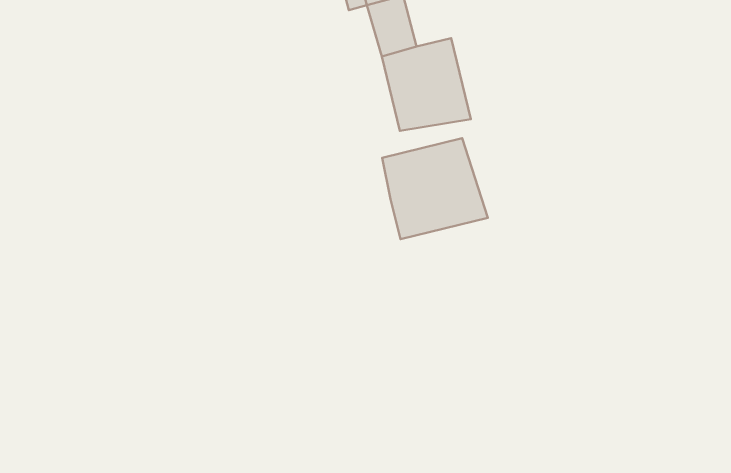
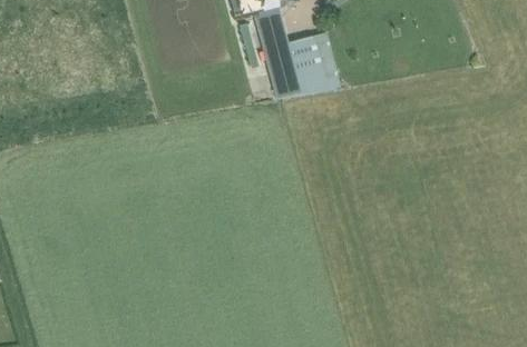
building: [382,138,488,239] -> none

